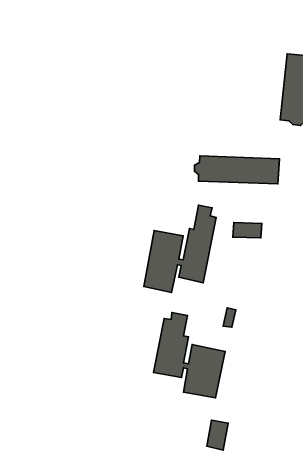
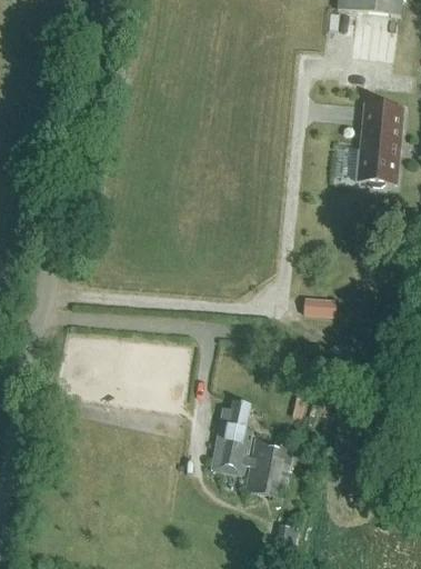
building: [194,156,279,184] -> none
building: [144,205,216,293] -> none

